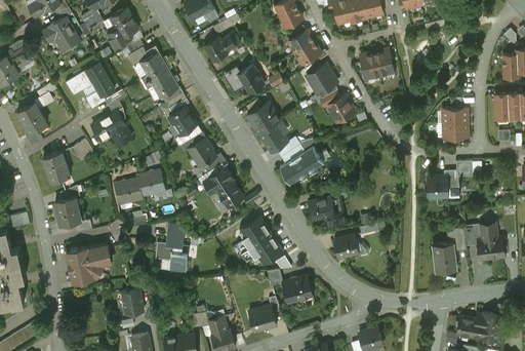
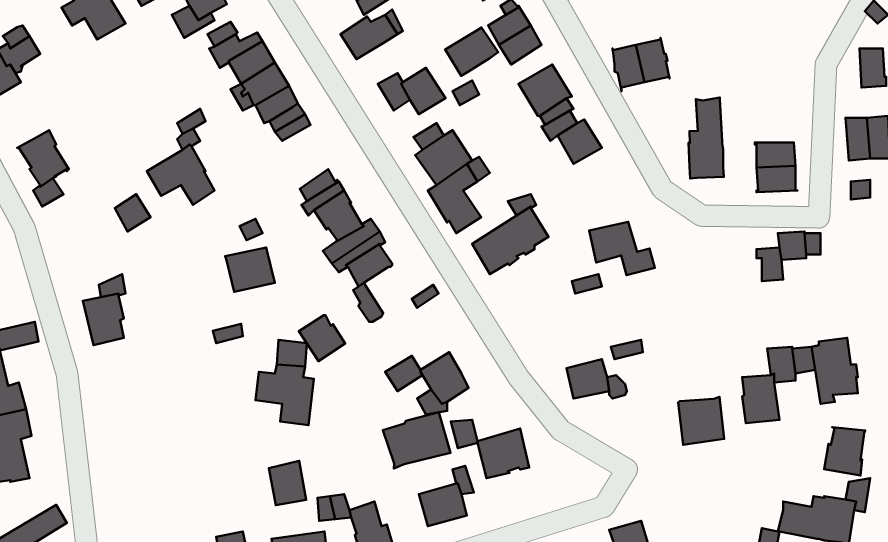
building: none -> [445,27,498,76]
building: [66,61,113,96] -> none
building: none -> [689,98,724,179]
building: [168,106,197,135] -> none
building: [42,151,70,182] -> none
building: [427,176,447,197] -> none
building: [114,178,143,203] -> none
building: [216,181,243,207] -> [299,315,345,361]
building: [308,196,346,227] -> [589,222,655,275]
building: [66,244,111,282] -> none
building: none -> [678,397,724,445]
building: none -> [383,412,450,469]
building: none -> [824,427,865,475]
building: [121,288,143,314] -> [269,461,306,505]

